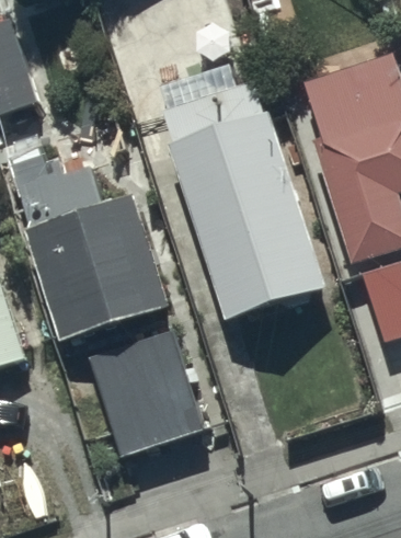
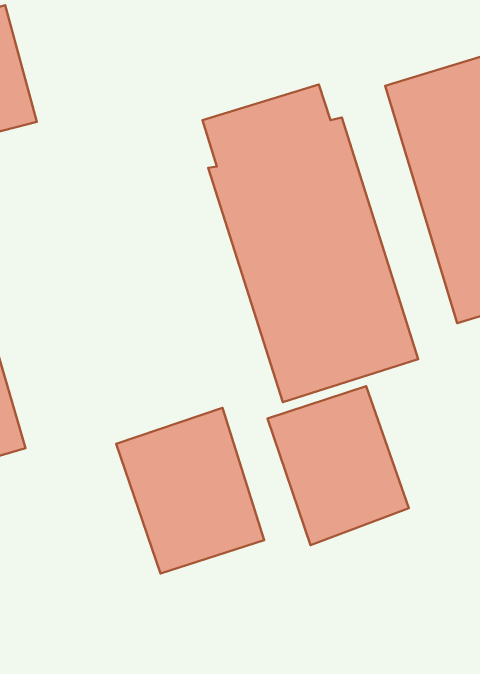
building: [22,197,159,339] -> none
building: none -> [268,386,409,545]

